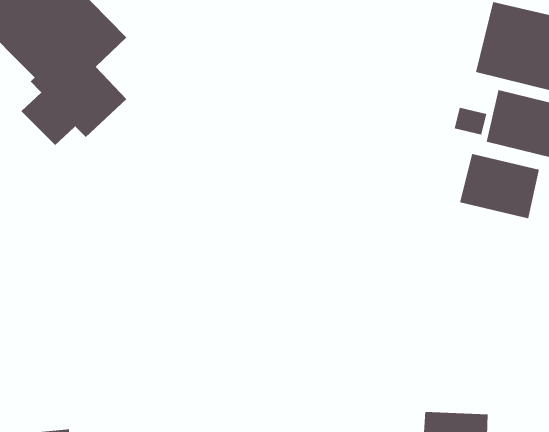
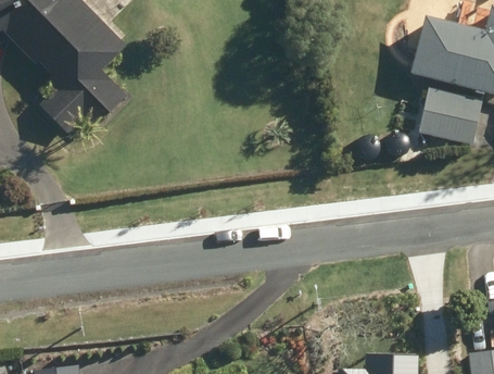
building: [460,153,540,219] -> none

